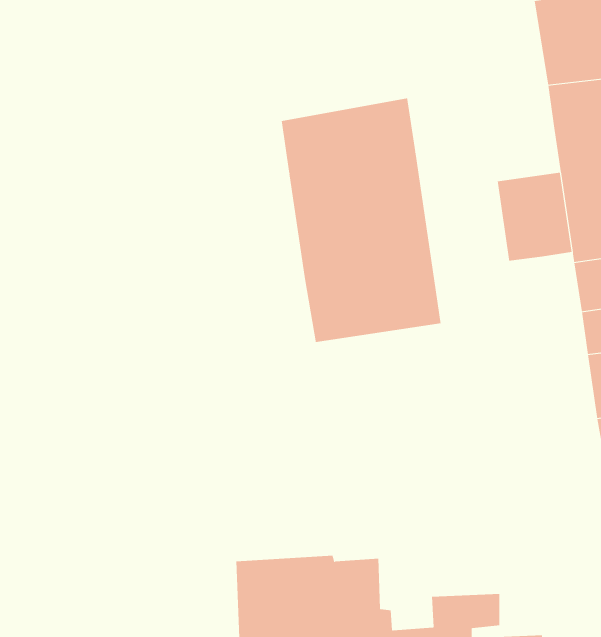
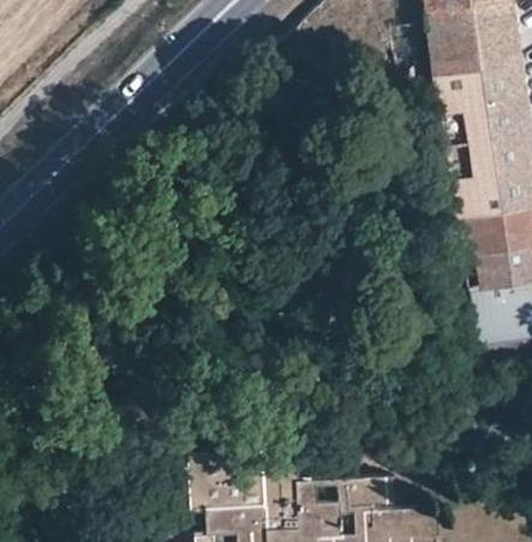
building: [281,97,441,343] -> none
building: [497,172,572,261] -> none

